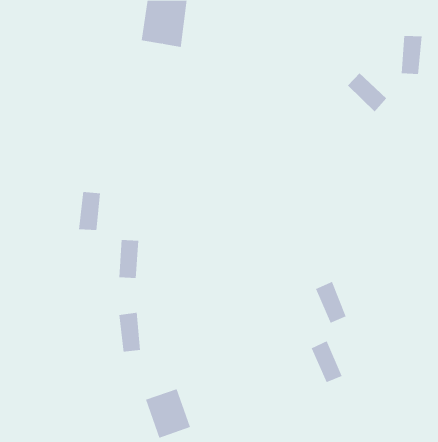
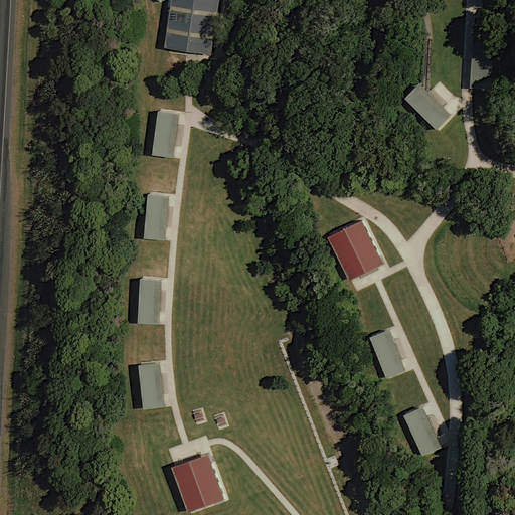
building: none -> [151,111,178,157]
building: none -> [325,218,381,279]
building: [78,191,101,230] -> [143,194,169,239]
building: [311,341,343,383] -> [401,404,439,454]

